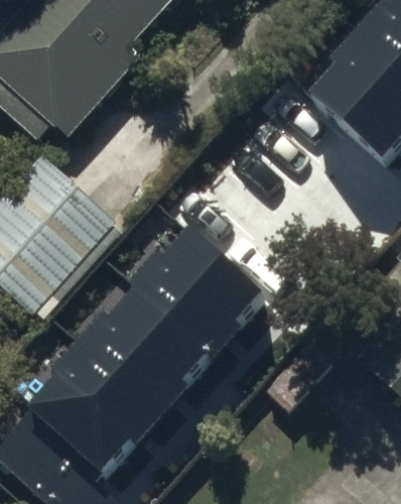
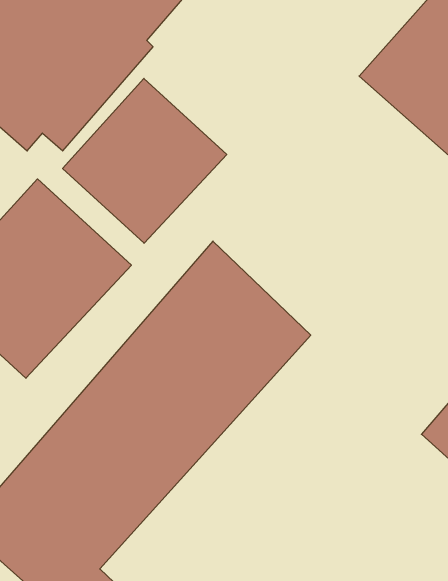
building: none -> [63,78,227,243]

